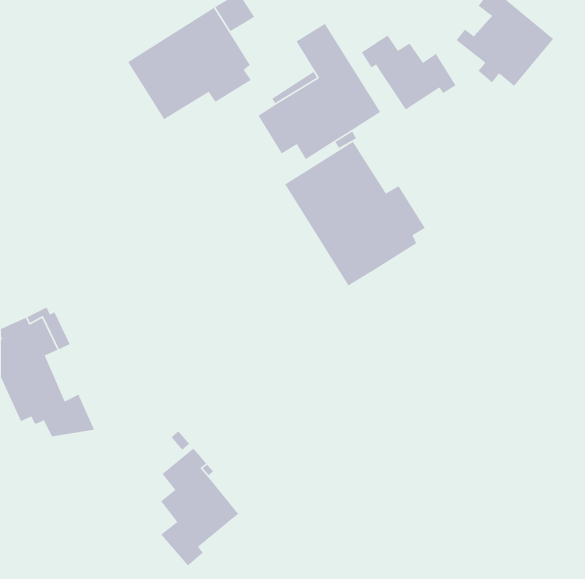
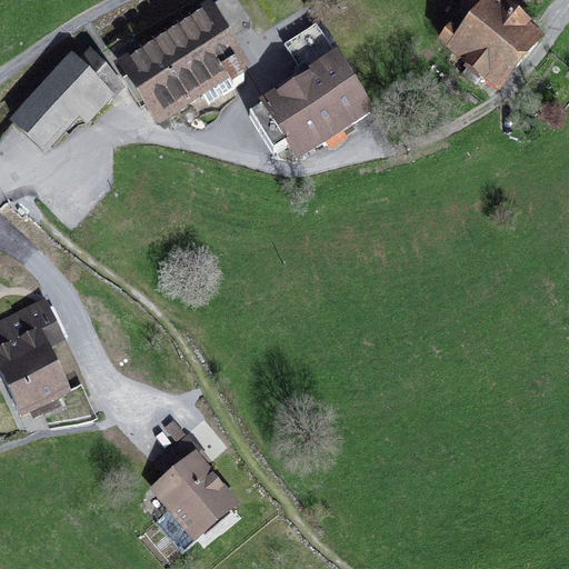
building: [361,35,457,111] -> none
building: none -> [17,52,119,146]
building: [284,141,426,287] -> none

